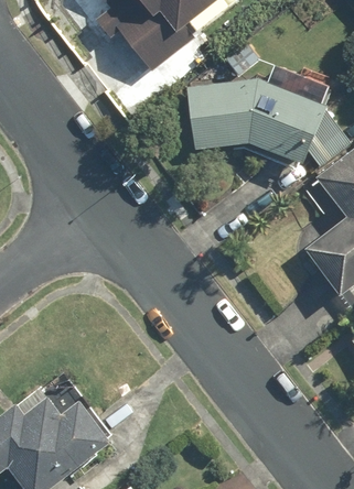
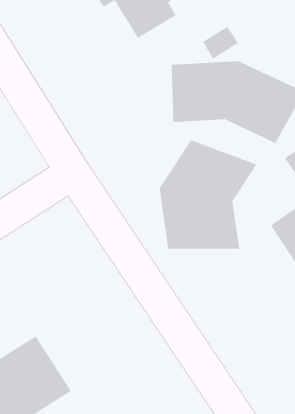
building: none -> [159,140,257,250]

